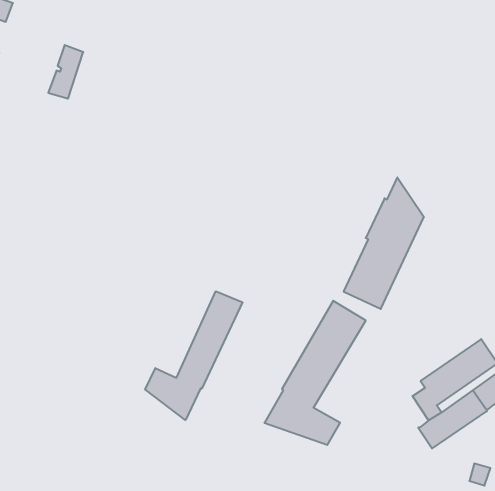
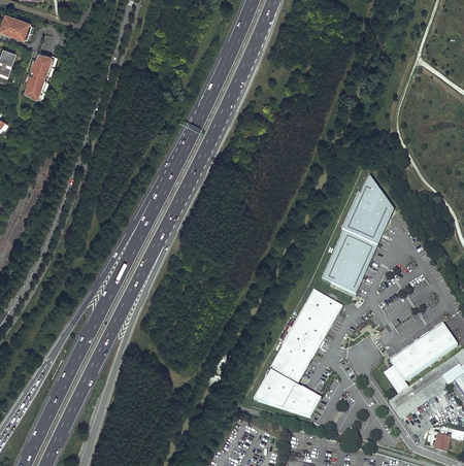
building: [48,45,83,99] -> [22,53,53,100]
building: [145,291,242,420] -> none

